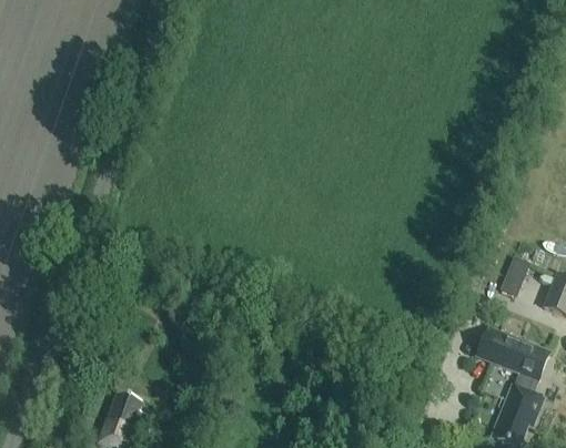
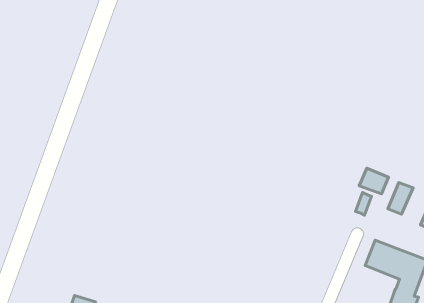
building: none -> [359,168,388,194]

